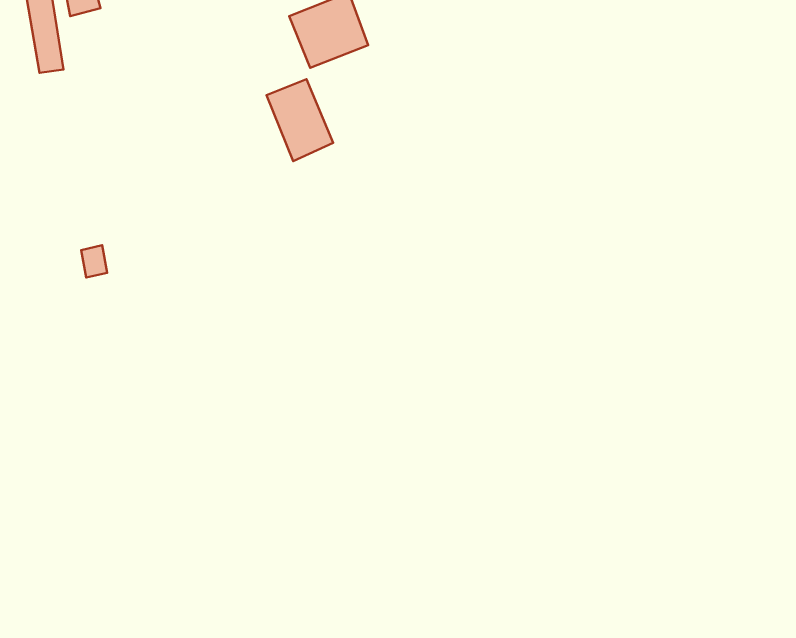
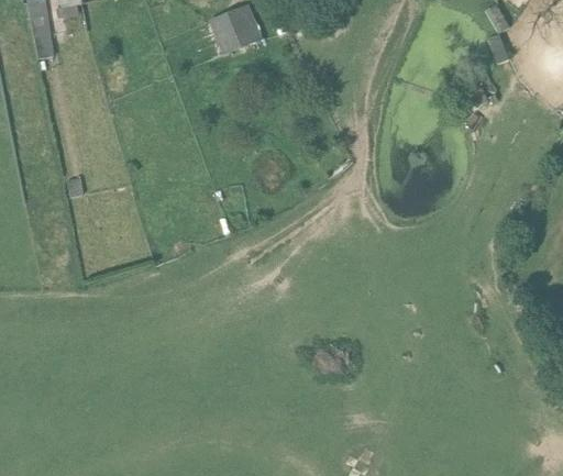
building: [266,79,333,161] -> none

